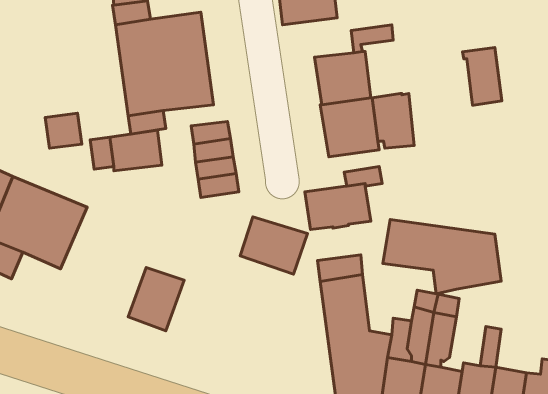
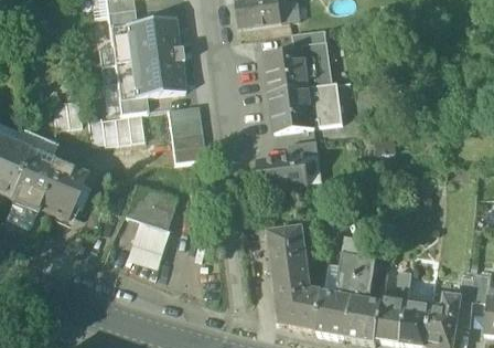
building: [463,48,502,105] -> [301,40,332,85]
building: [240,217,307,274] -> [125,182,178,228]
building: [383,219,501,294] -> none

